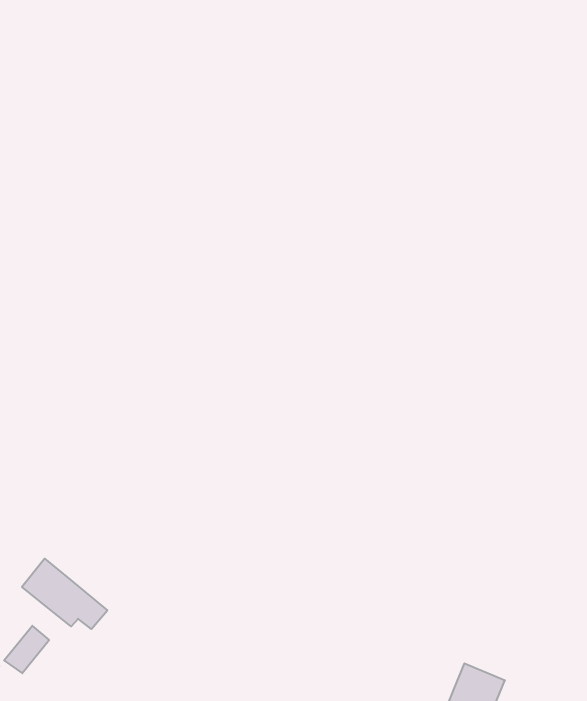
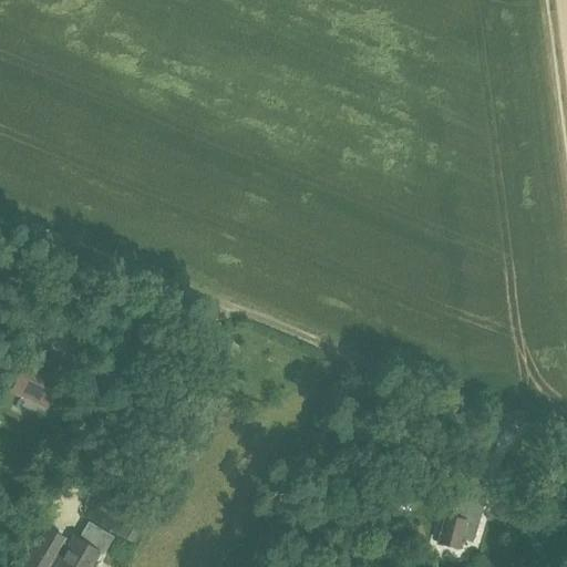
building: [22,559,107,629] -> none

